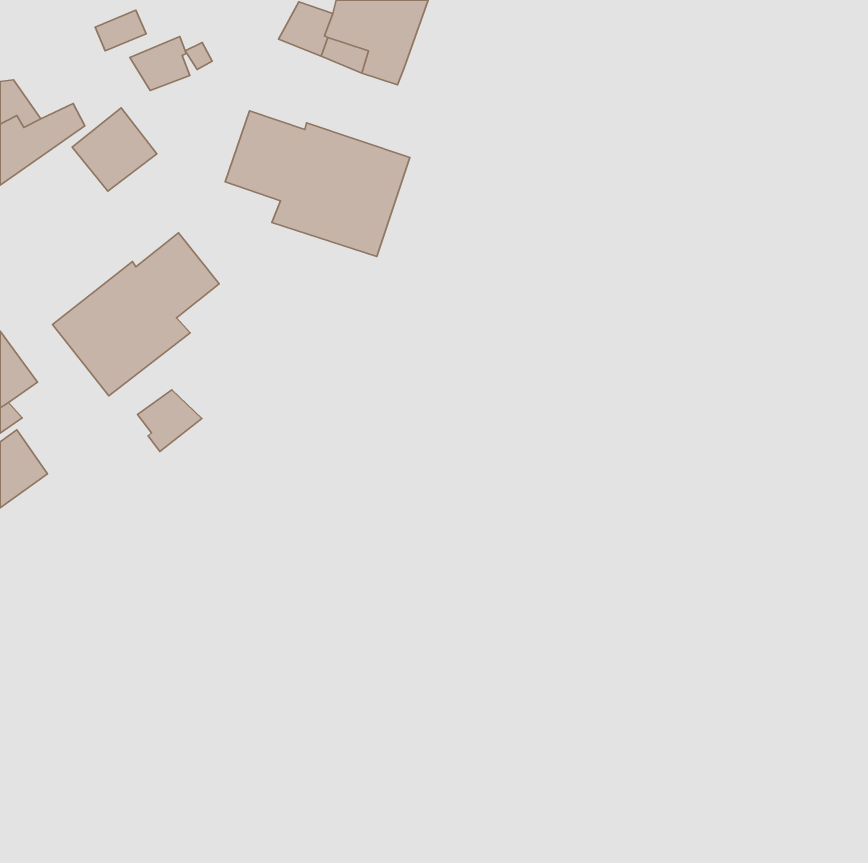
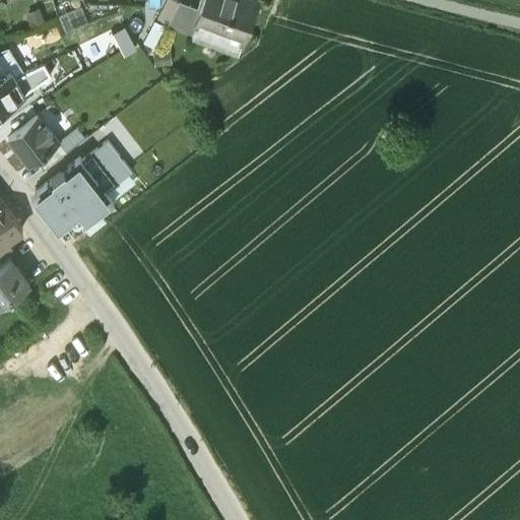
building: [130,37,190,90] -> none
building: [72,108,157,191] -> [8,118,59,168]
building: [225,111,410,256] -> none
building: [138,390,202,452] -> none

